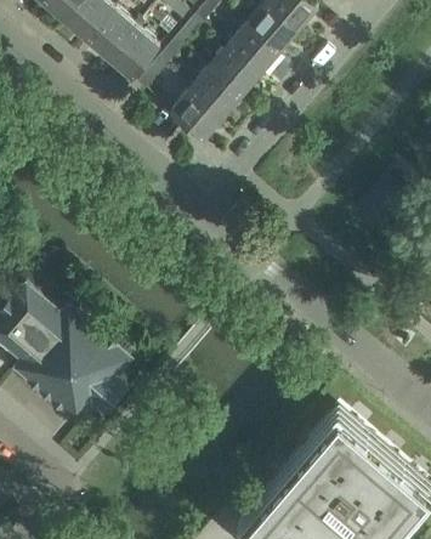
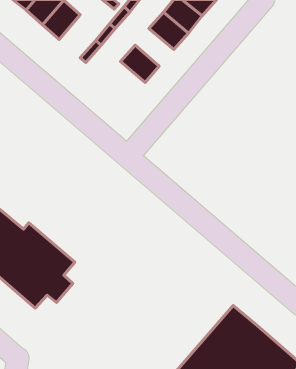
building: [108,27,159,79] -> none
building: [209,45,260,95] -> none
building: [170,89,222,140] -> none

